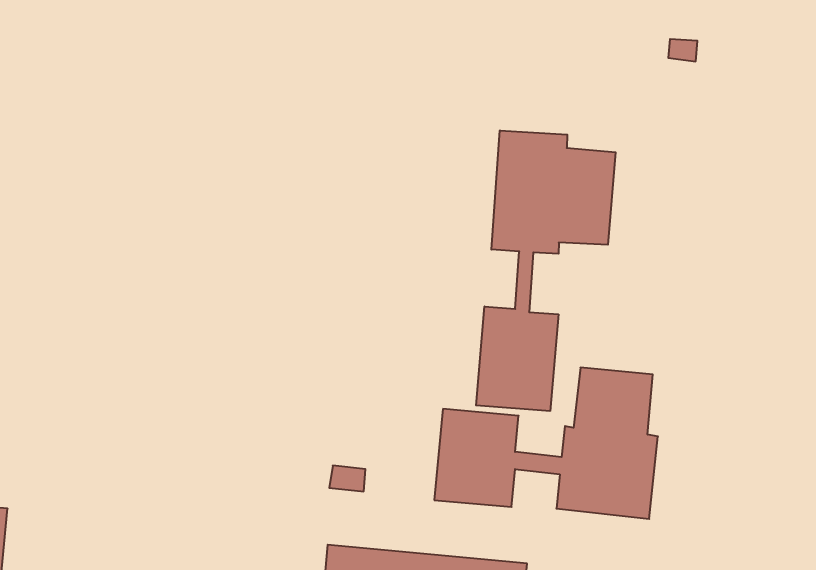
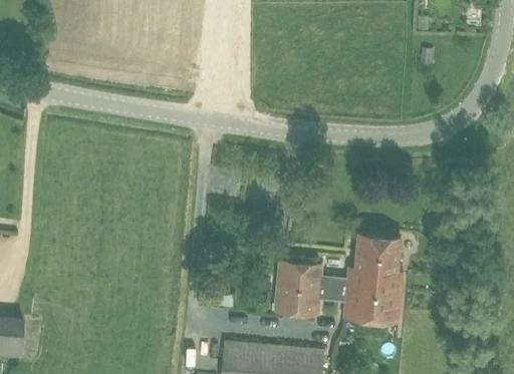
building: [476,130,616,411] -> none

